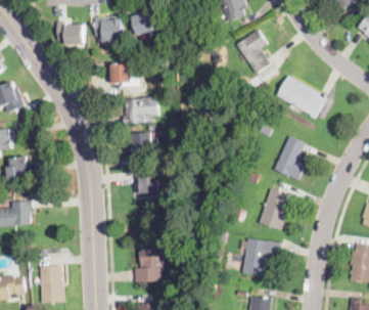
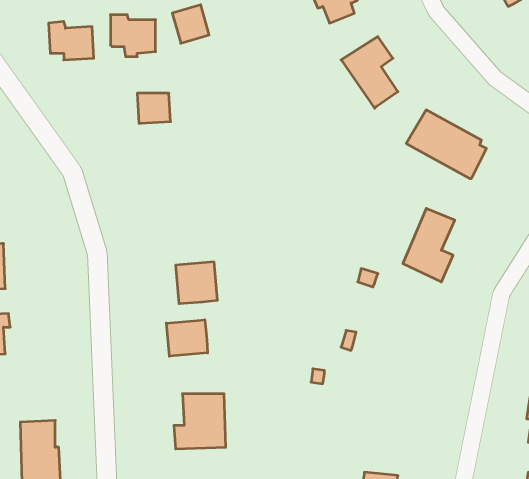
building: [123,97,157,125] -> none
building: [131,133,154,160] -> none
building: [258,187,289,229] -> none
building: none -> [166,320,208,356]
building: [241,238,280,275] -> none

